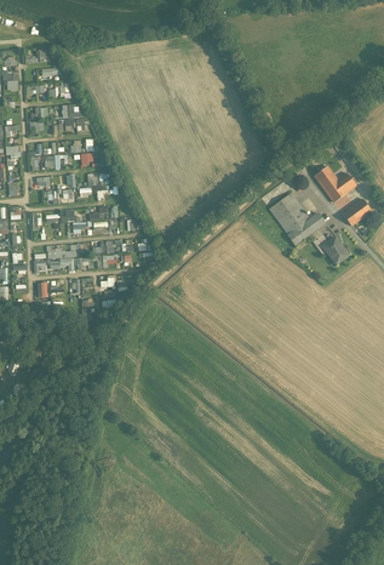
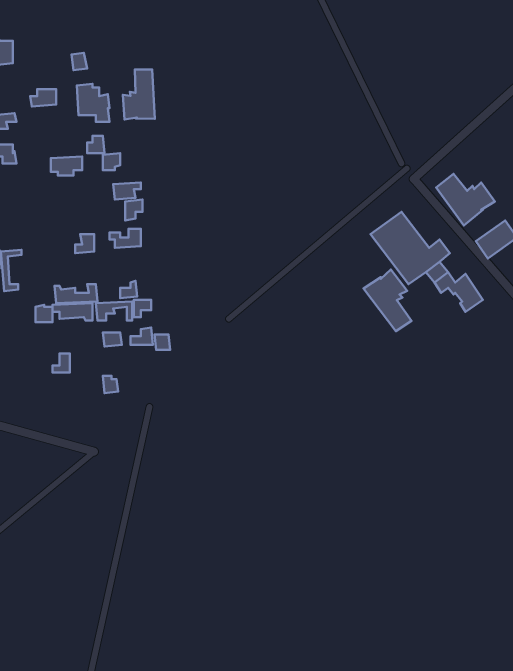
building: none -> [123,69,155,119]
building: none -> [363,270,411,331]

